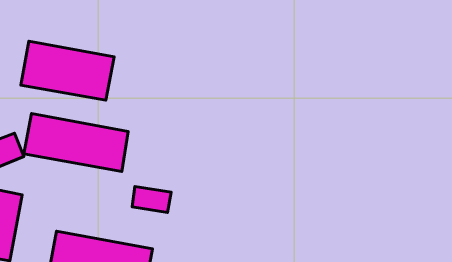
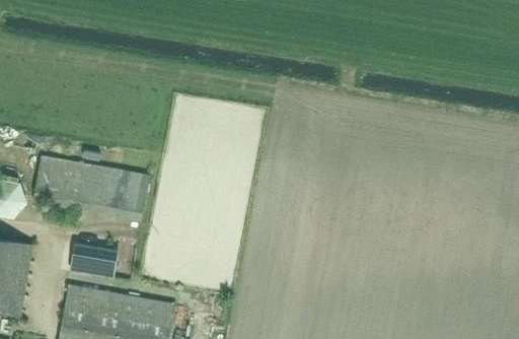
building: [21,41,114,100] -> none
building: [132,186,171,213] -> [73,245,116,273]

